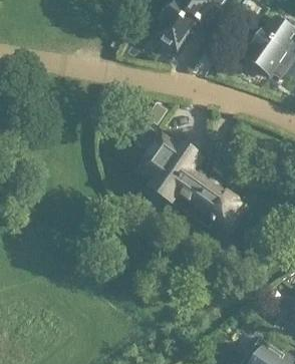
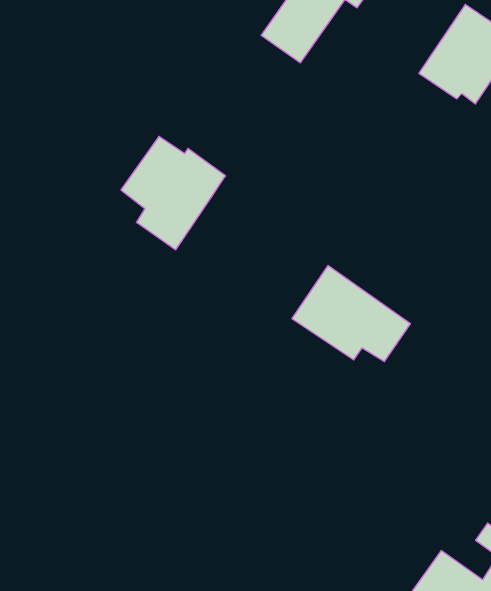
building: [140,135,202,202] -> [121,136,226,250]

